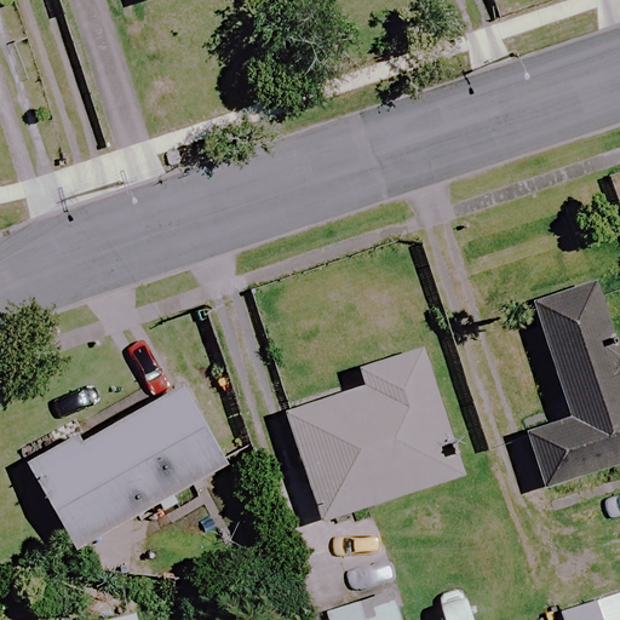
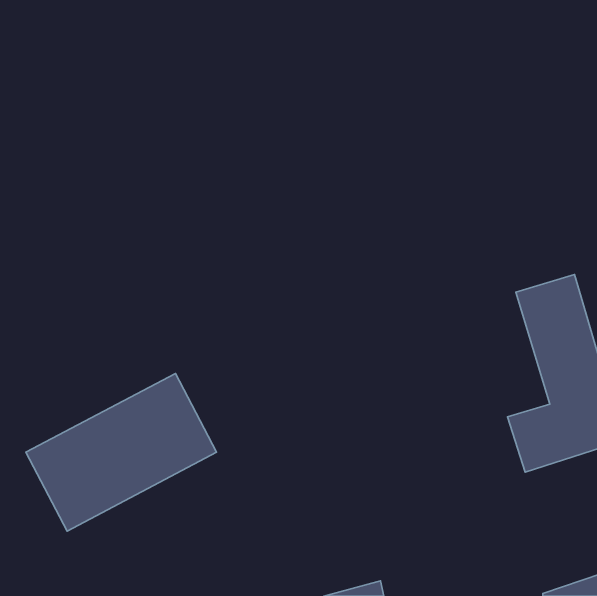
building: [289,348,459,517] -> none

